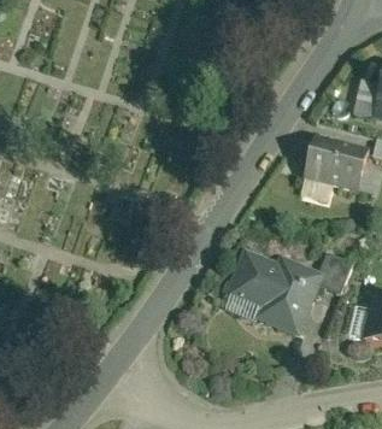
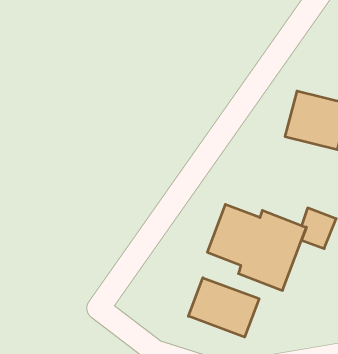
building: none -> [188,278,259,337]

